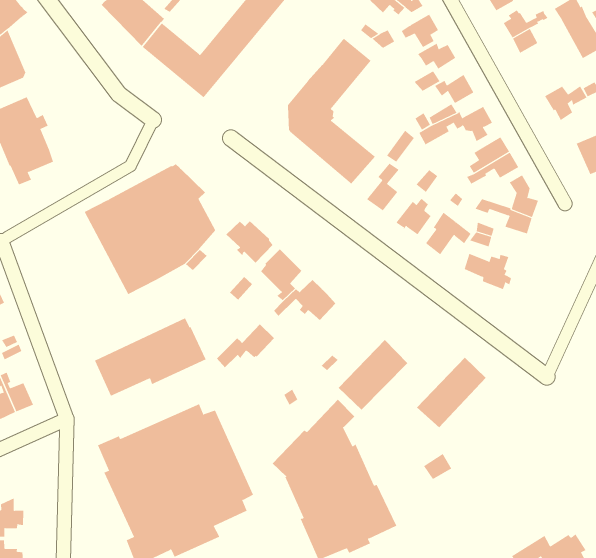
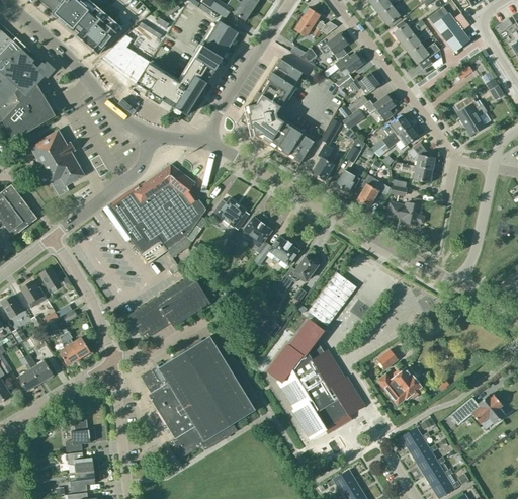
building: [544,85,588,121] -> [408,41,439,69]
building: [216,324,275,368] -> [277,255,318,290]
building: [416,357,487,428] -> none
building: none -> [376,367,420,405]

